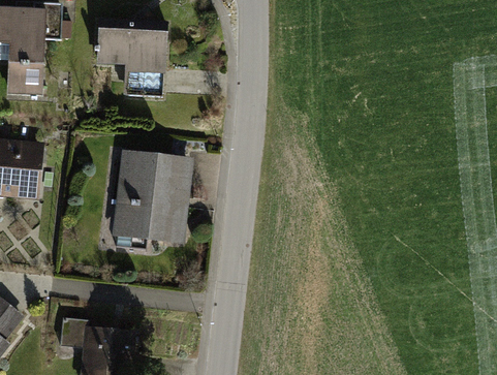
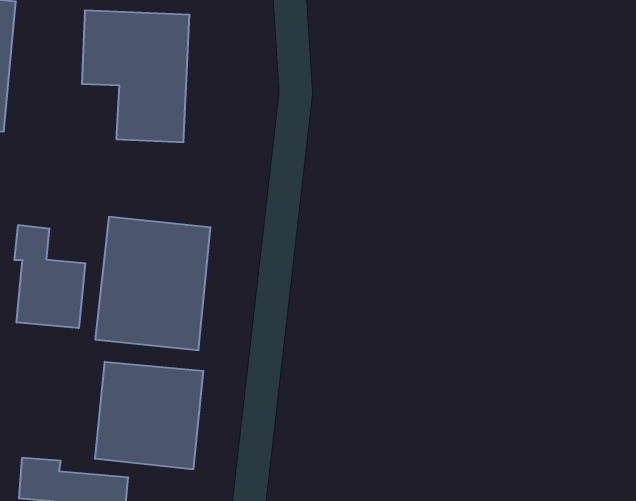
building: none -> [15,225,85,328]
building: none -> [95,362,203,469]

